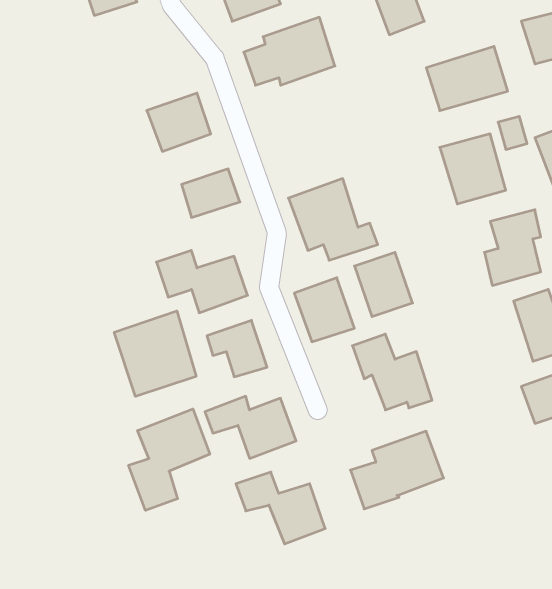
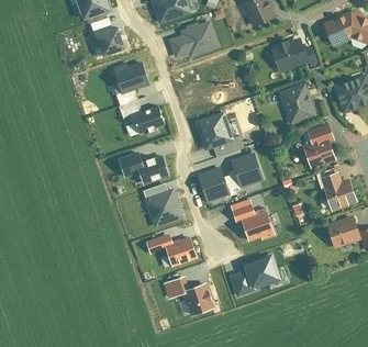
building: none -> [93,26,124,57]
building: [114,311,196,396] -> none
building: [129,409,210,510] -> none

